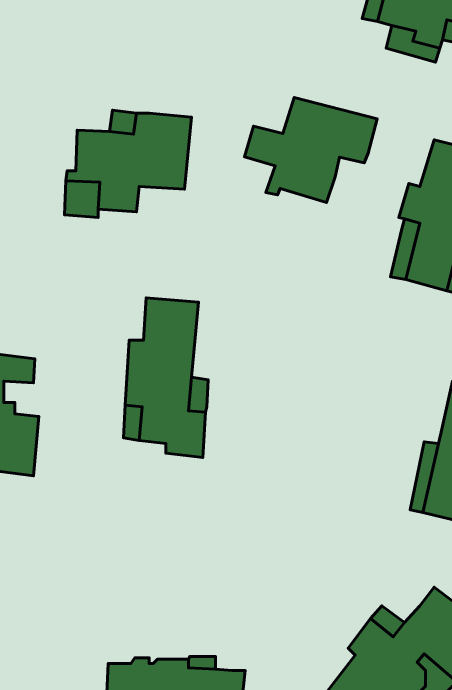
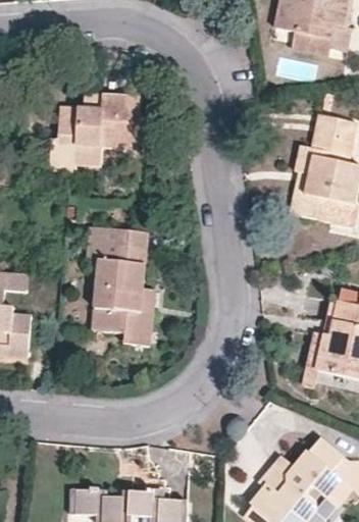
building: [245,98,377,203] -> none

